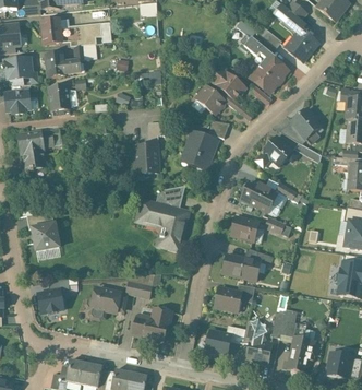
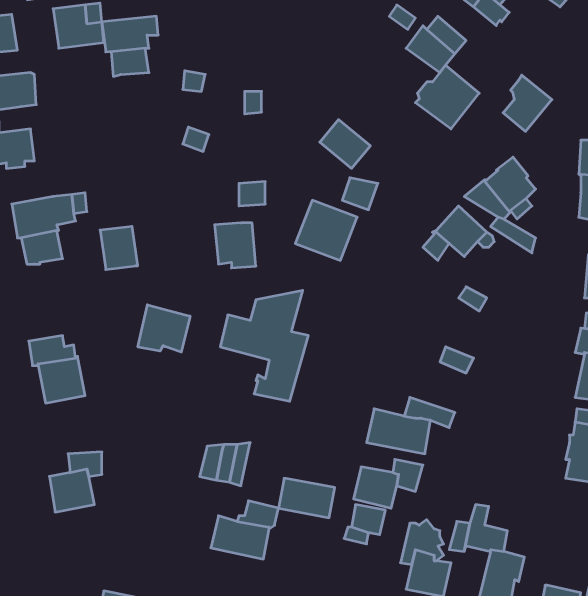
building: [289,27,317,60] -> [503,75,552,131]
building: [44,52,81,76] -> none
building: [215,70,245,99] -> none
building: [48,85,70,110] -> [100,226,138,270]
building: [241,181,277,211] -> none
building: none -> [138,305,190,352]
building: [231,216,257,240] -> none
building: [86,287,125,319] -> none
building: [205,333,238,356] -> [278,478,335,518]

